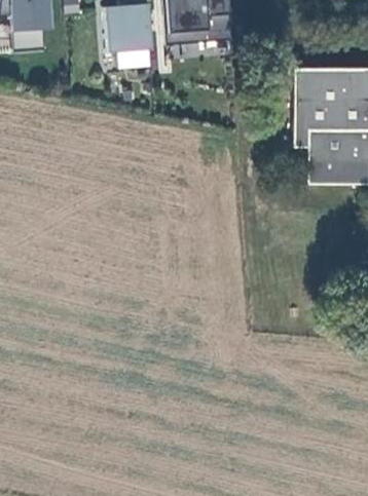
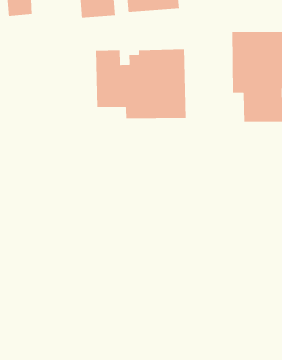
building: none -> [95,49,186,119]

